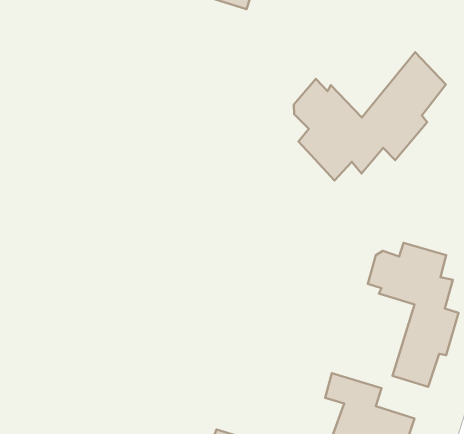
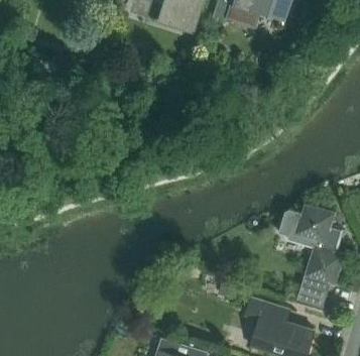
building: [294,52,446,180] -> none

